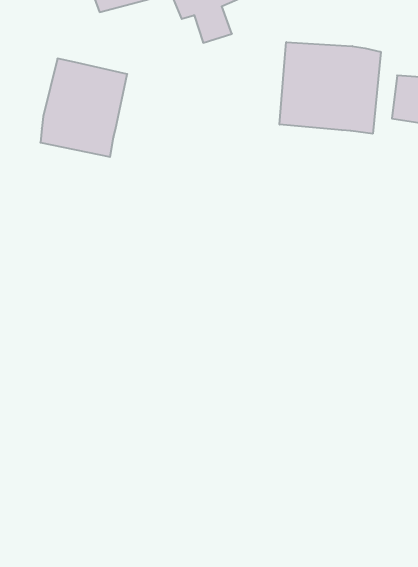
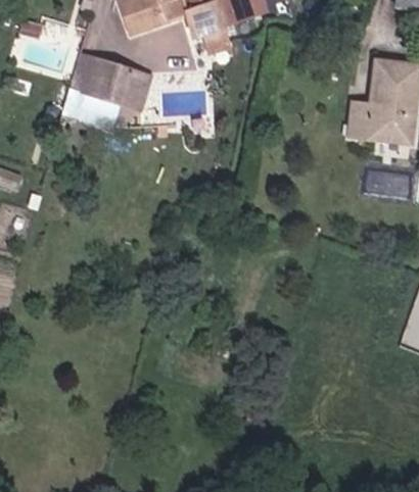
building: [280,42,381,134] -> none

